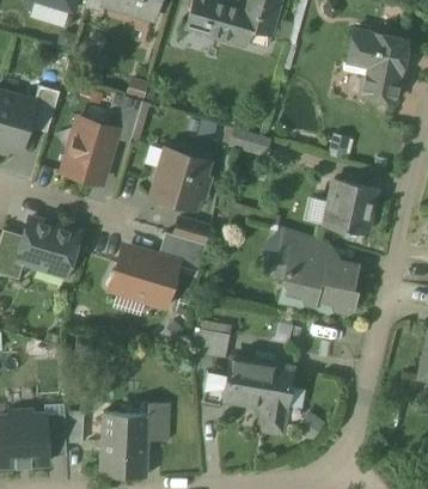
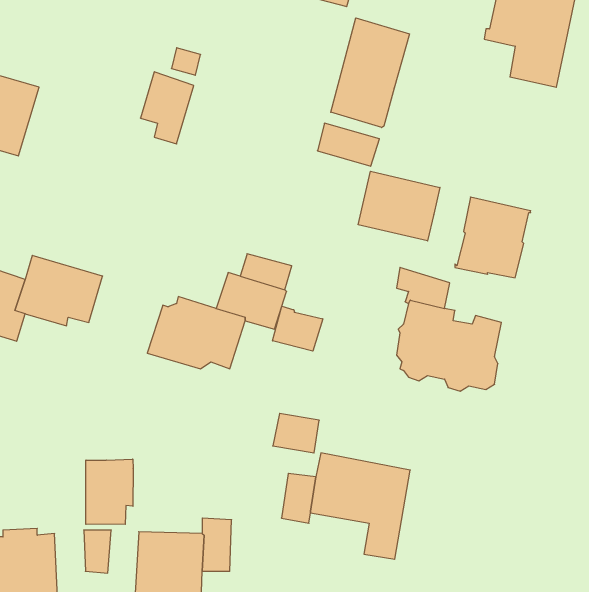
building: none -> [331,18,410,128]
building: [26,85,59,133] -> none
building: [63,120,116,183] -> none
building: [152,151,207,208] -> none
building: none -> [358,171,440,241]
building: none -> [273,306,323,351]
building: none -> [86,459,133,524]

